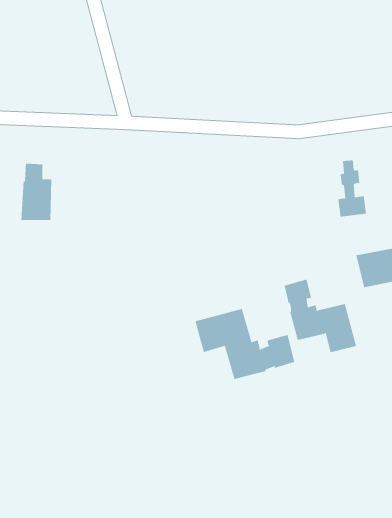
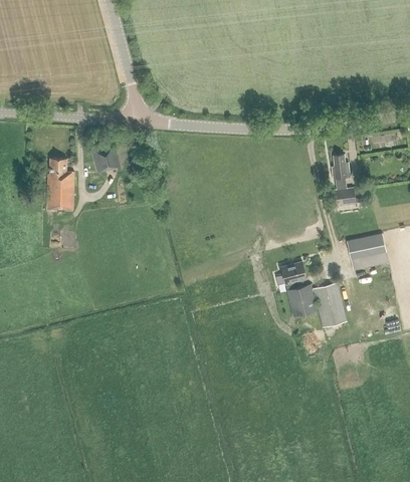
building: none -> [91,144,120,172]
building: [195,308,295,380] -> none

